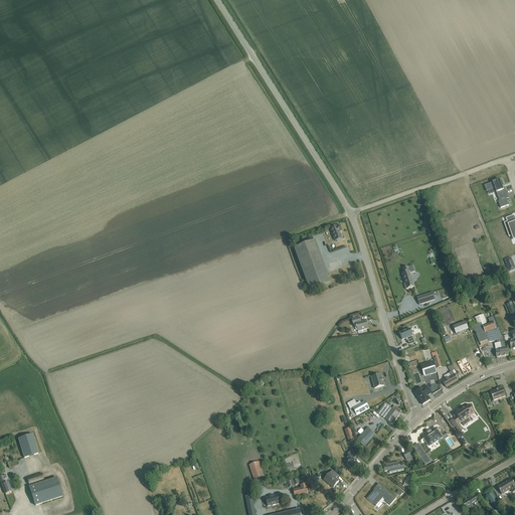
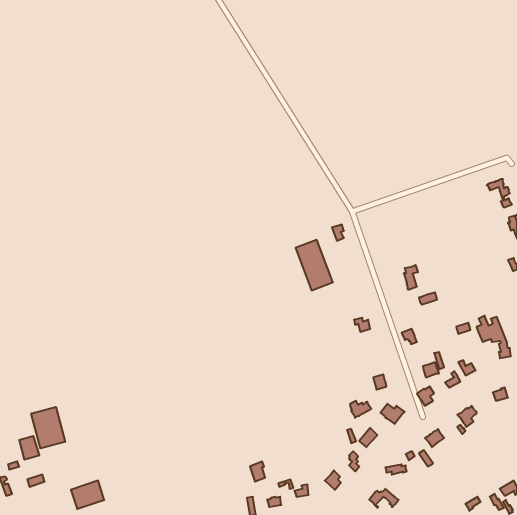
building: none -> [31,407,65,448]
building: [29,477,62,505] -> [71,481,104,509]

